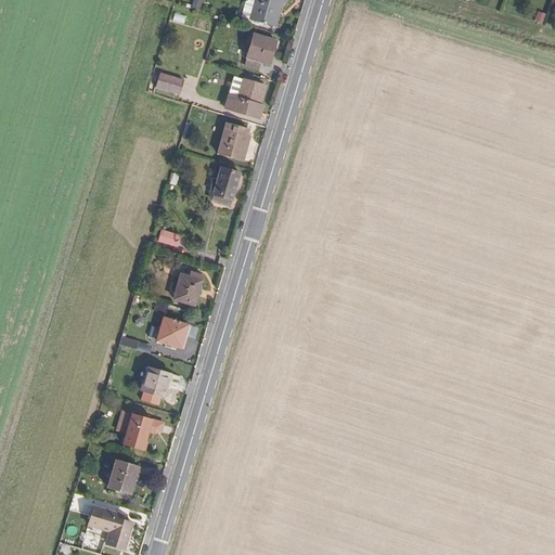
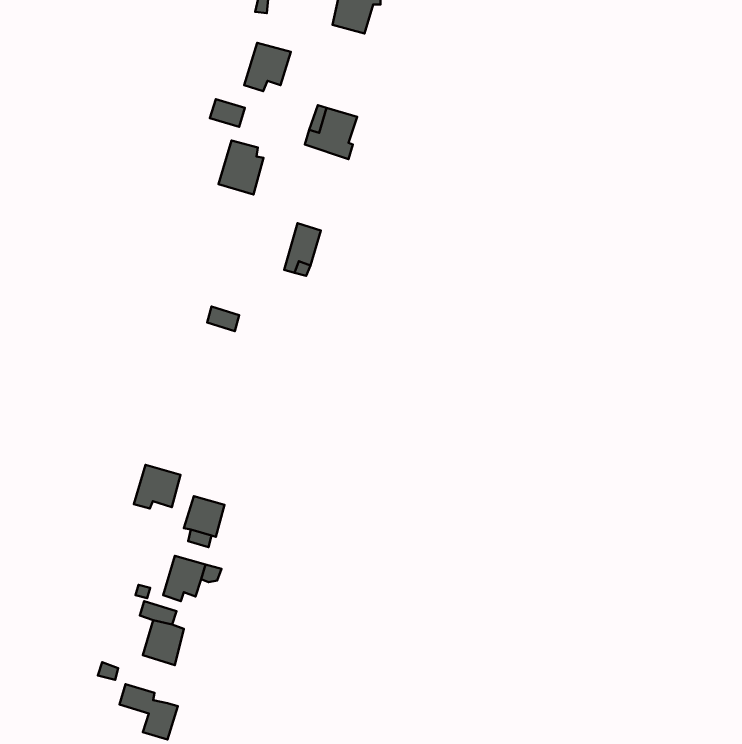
building: [247,37,282,73] -> [244,43,291,91]
building: [219,120,253,160] -> [218,140,264,194]
building: [175,270,204,306] -> none
building: [154,318,189,350] -> [134,465,181,508]

